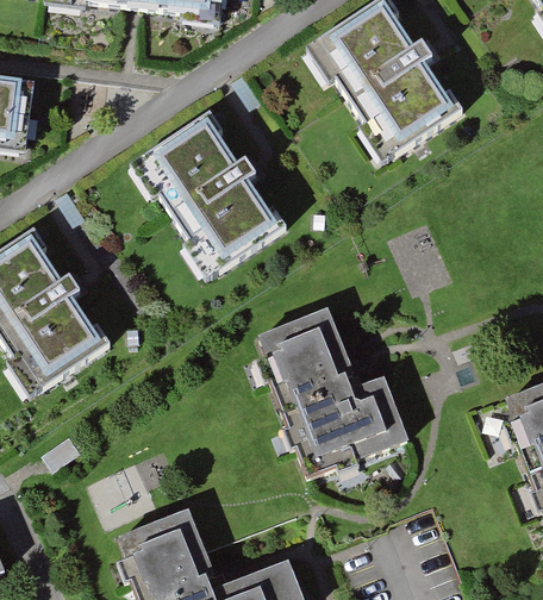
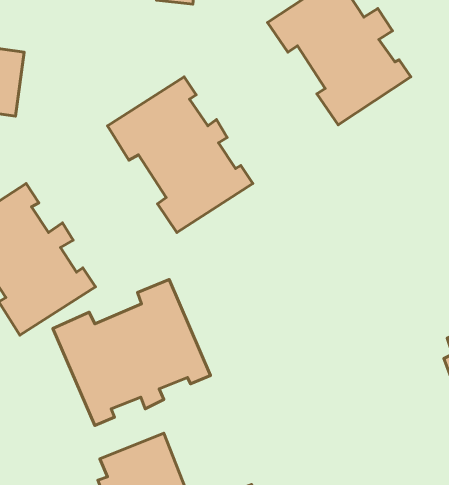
building: [254,306,412,482] -> none
building: none -> [53,279,210,426]

